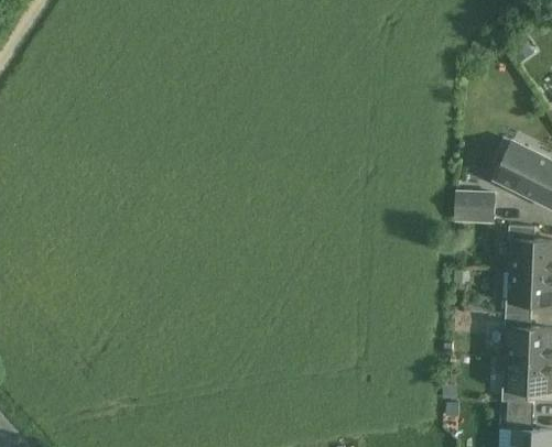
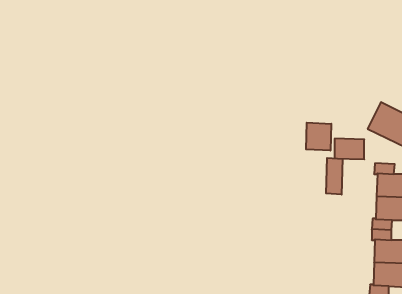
building: none -> [306,123,331,151]
building: none -> [326,158,343,195]

